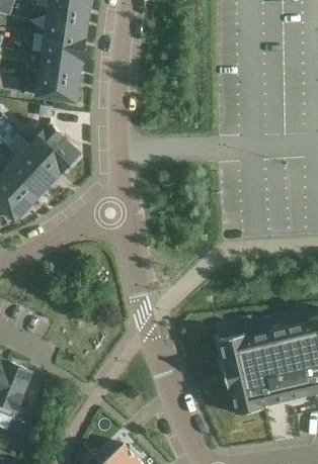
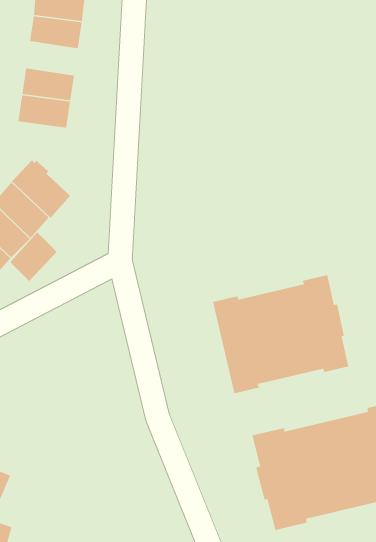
building: [43,33,85,60] -> none
building: none -> [9,232,58,282]
building: none -> [212,274,349,394]

